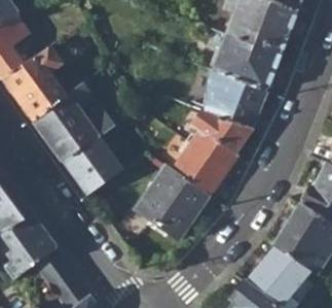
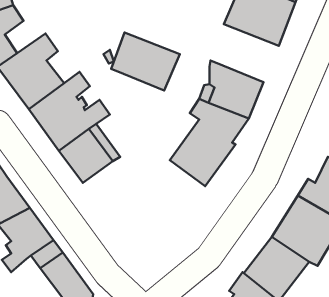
building: [212,34,280,92] -> [111,32,180,91]
building: [136,166,207,238] -> none

